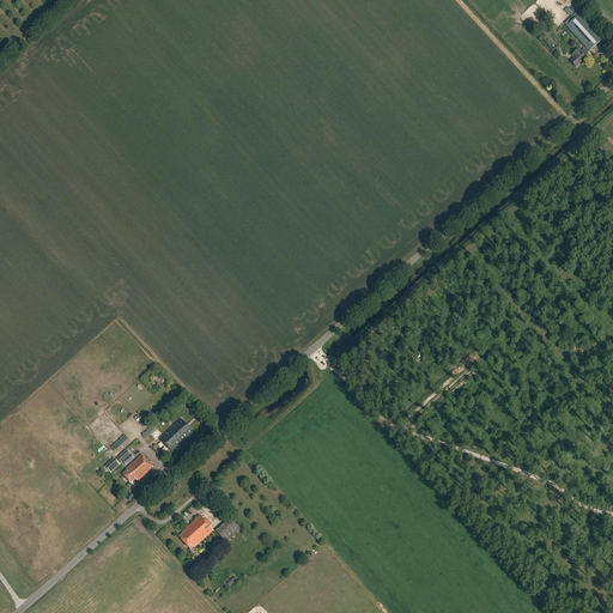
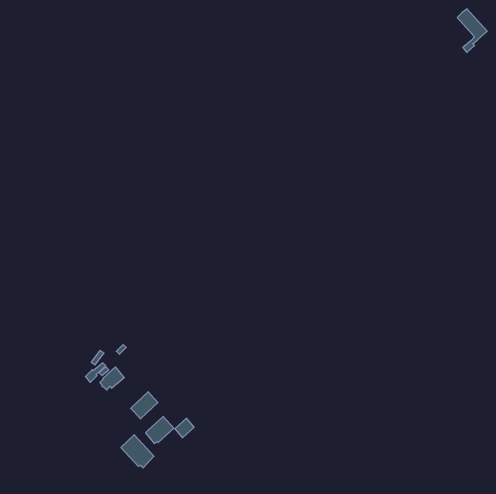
building: [160,417,194,450] -> [131,392,158,419]
building: none -> [121,435,154,468]

